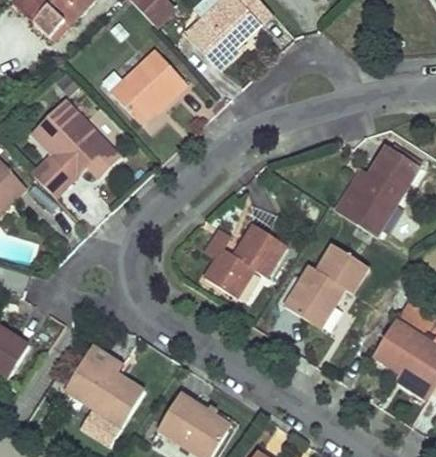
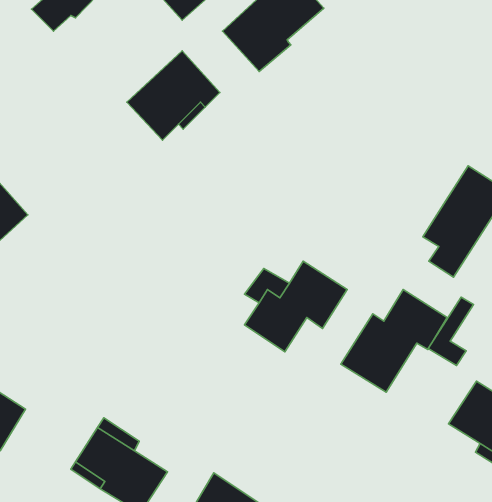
building: [32,99,119,194] -> none
building: [333,166,370,222] -> [428,297,474,366]

